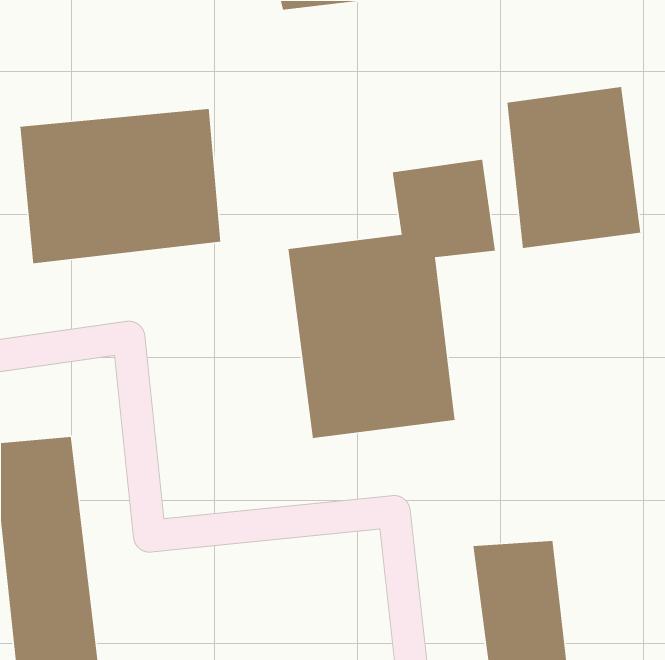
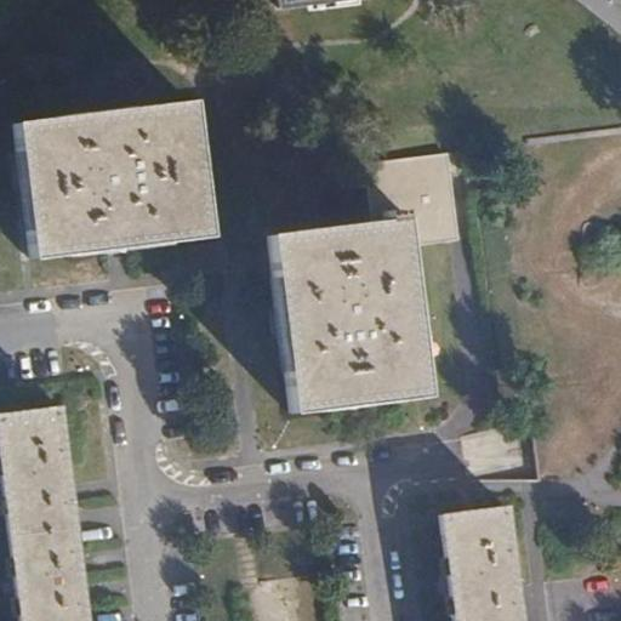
building: [507,86,641,249] -> none

